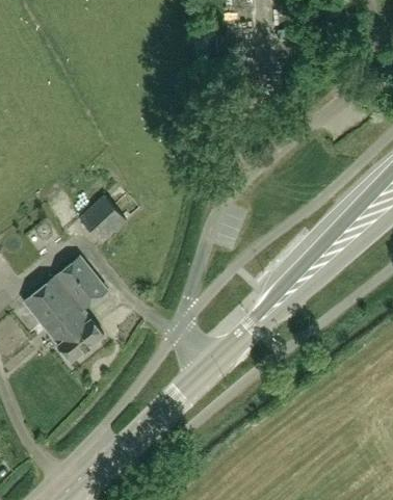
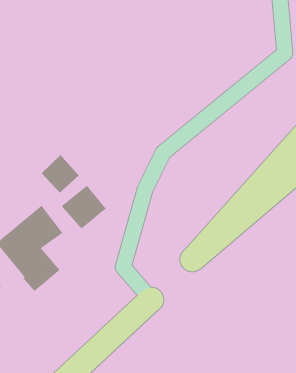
building: none -> [61,185,107,230]

